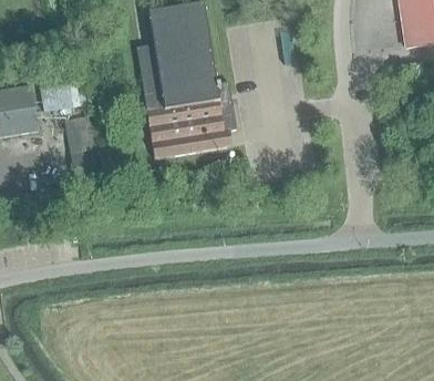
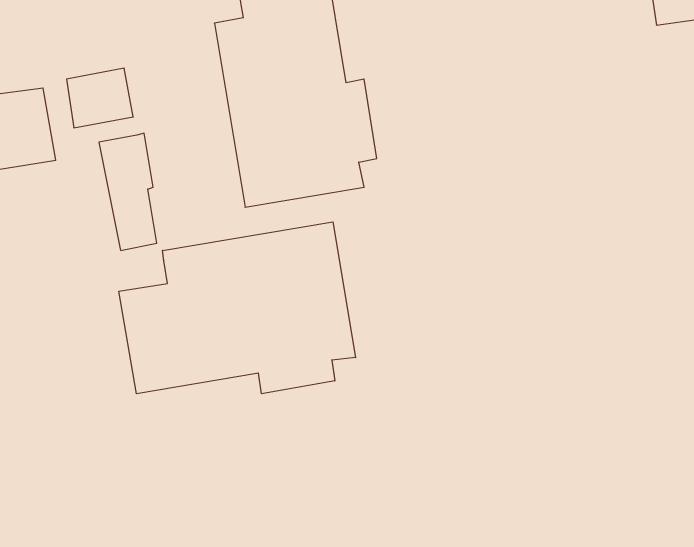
building: none -> [119,222,356,394]

